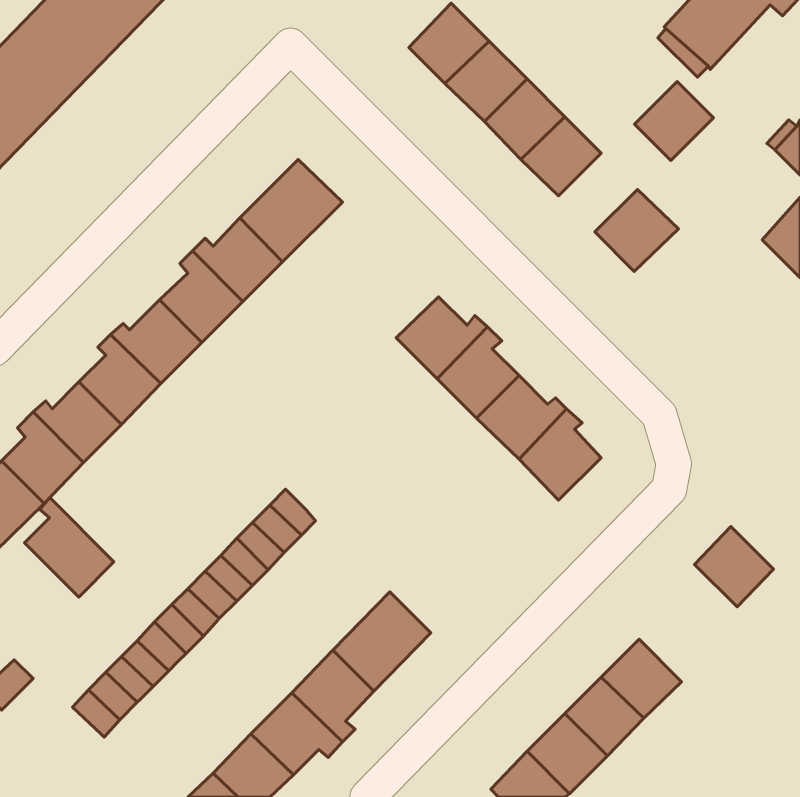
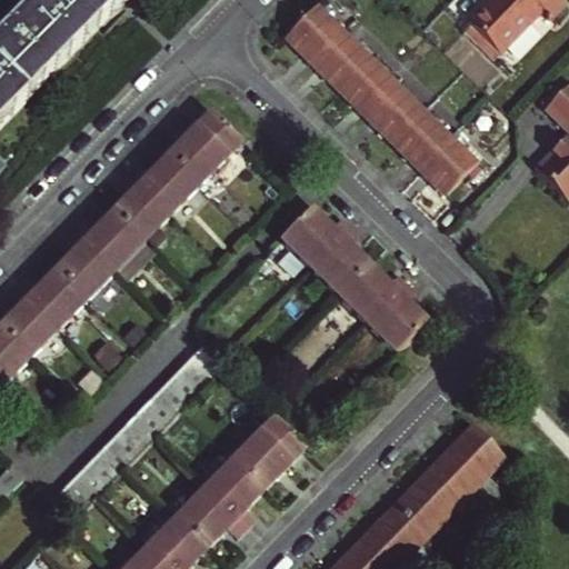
building: [635,82,714,160] -> [393,108,449,163]
building: [25,498,114,597] -> none
building: [695,526,774,607] -> [450,423,506,480]

